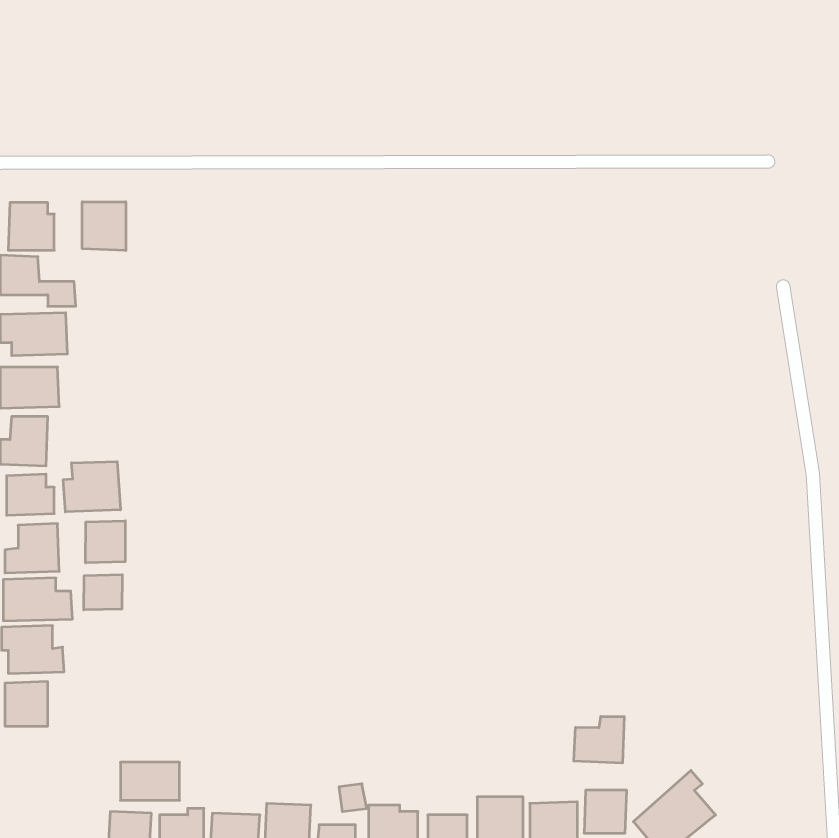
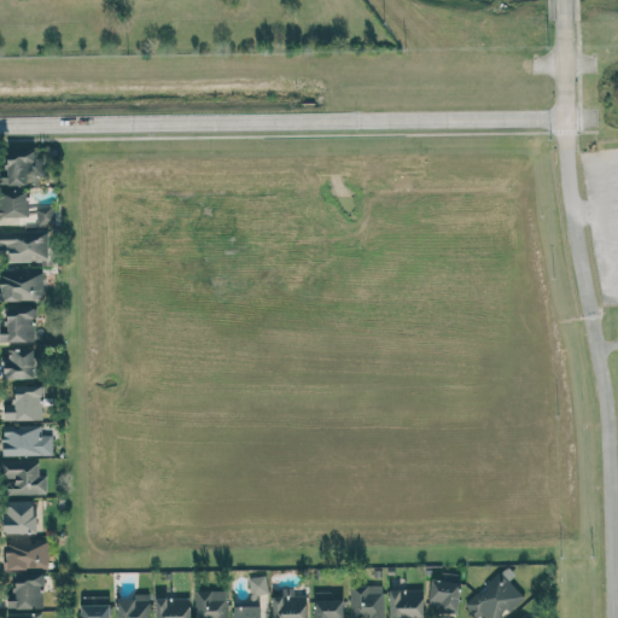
building: [82,202,126,251] -> none
building: [63,462,120,512] -> none
building: [86,521,125,563] -> none
building: [84,575,122,610] -> none
building: [574,716,624,763] -> none
building: [120,762,180,800] -> [6,542,49,570]
building: none -> [8,575,45,611]

